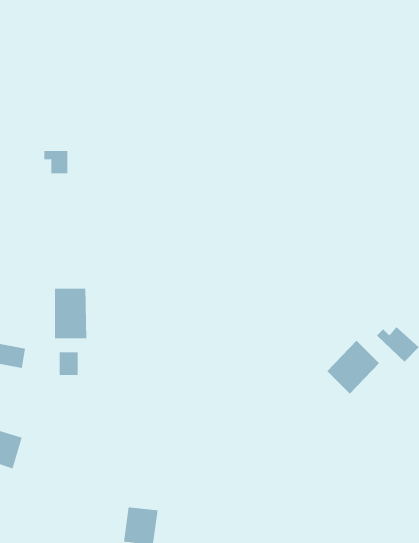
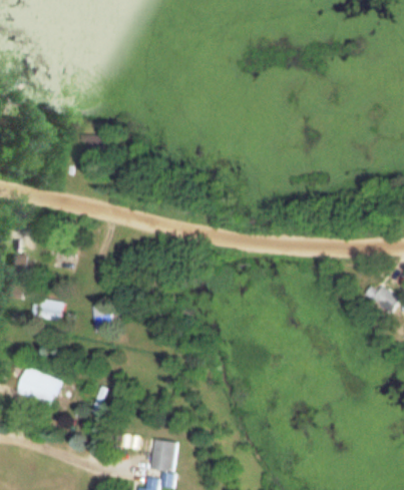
building: [54,288,87,339] -> none
building: [326,340,380,395] -> none

